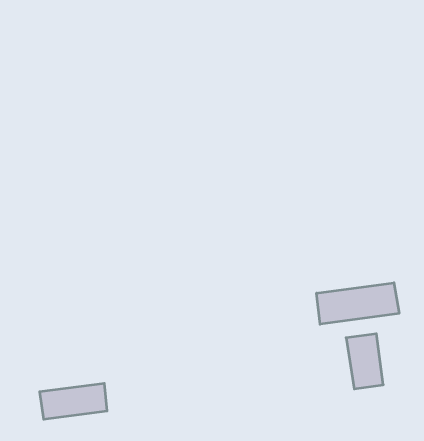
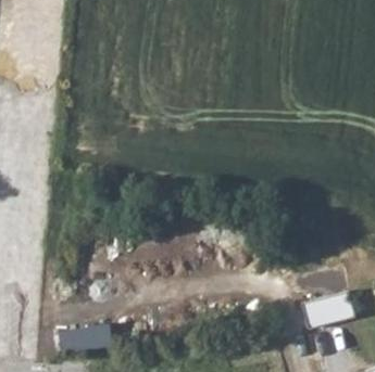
building: [317,283,399,324] -> none

